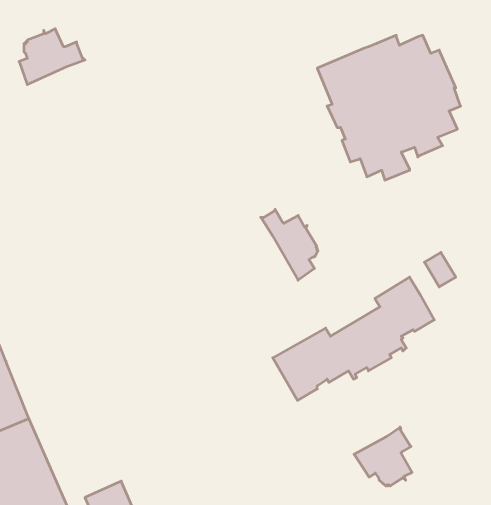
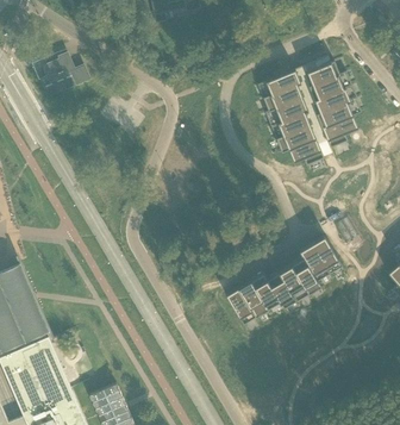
building: [261,209,318,280] -> none
building: [354,427,412,486] -> none

